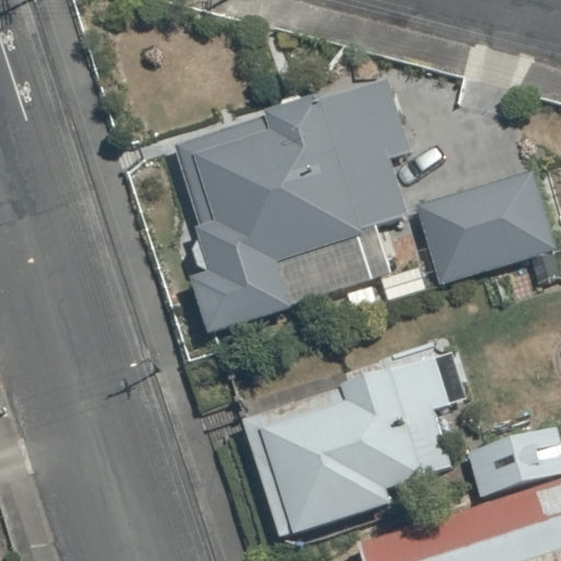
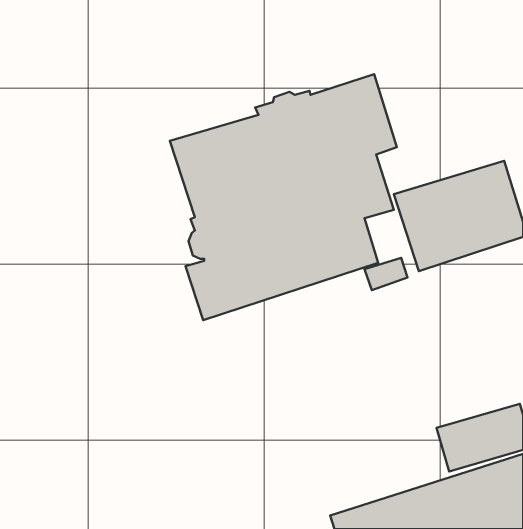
building: [241,357,451,538] -> none

